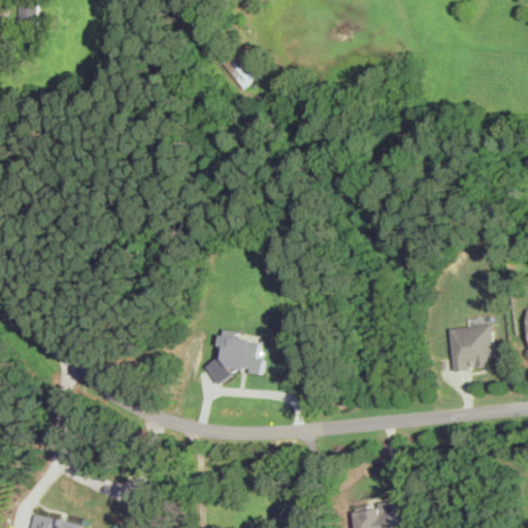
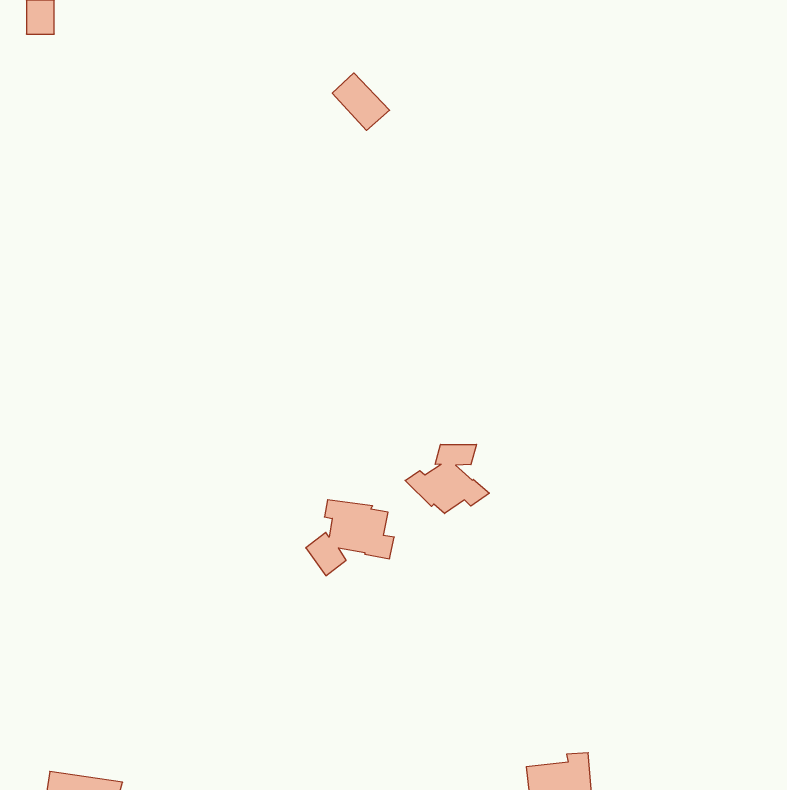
building: none -> [405,444,489,514]
building: [448,325,494,372] -> none

